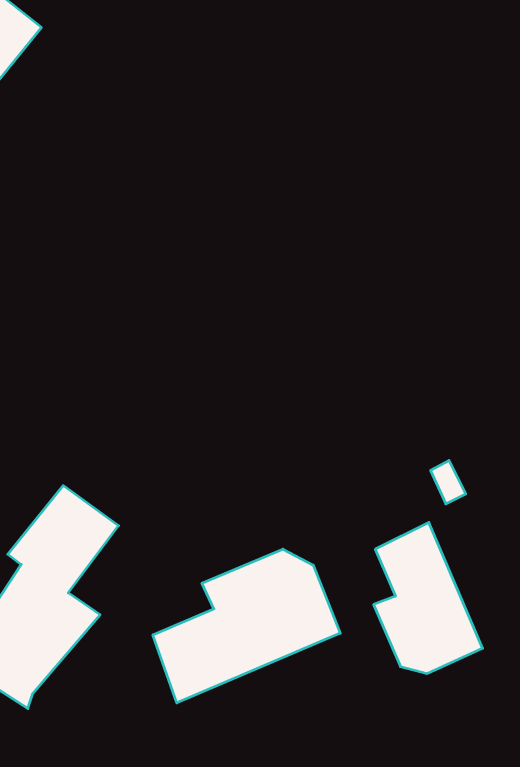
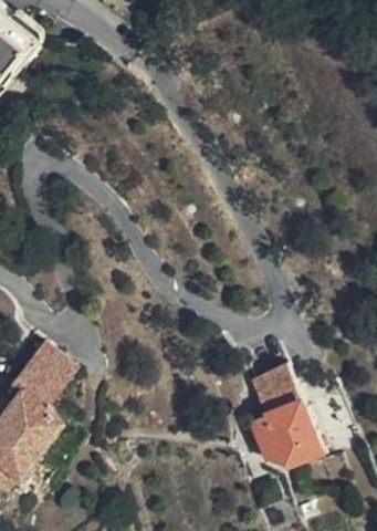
building: [153,549,340,703] -> none

